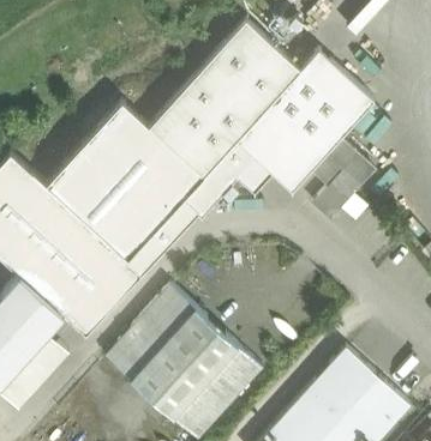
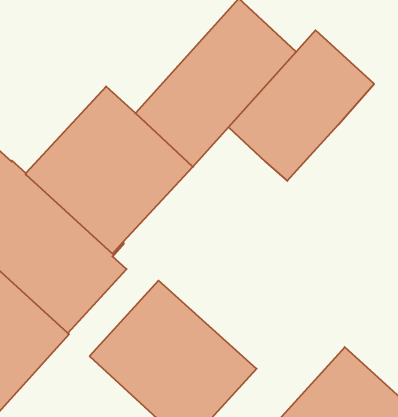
building: [312,139,375,220] -> none
building: [127,141,271,274] -> none

